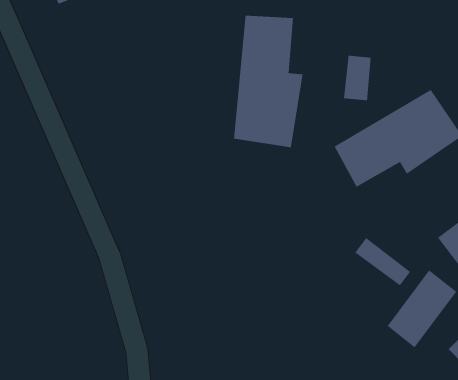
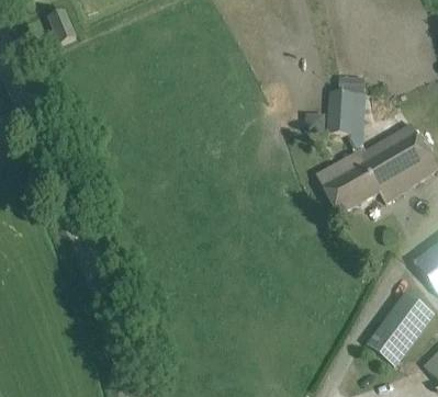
building: [233,15,303,148] -> none
building: [354,237,411,286] -> none

